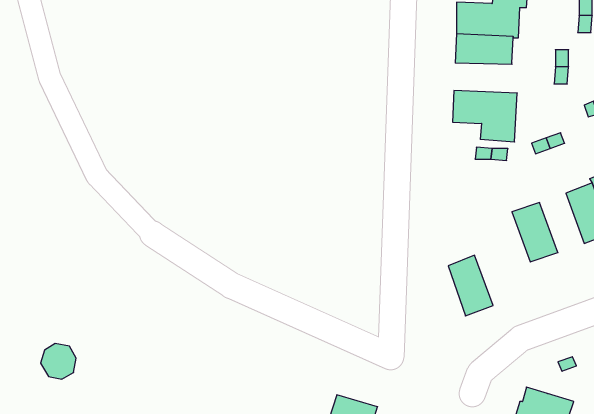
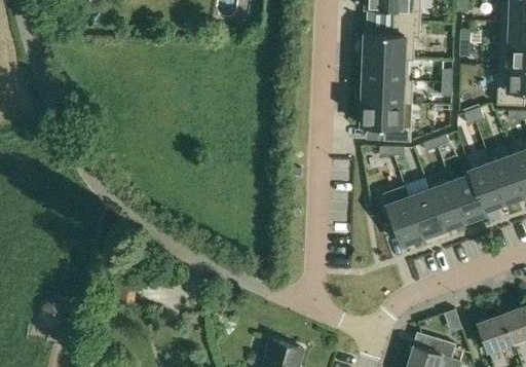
building: none -> [363,80,413,104]
building: none -> [429,182,464,228]
building: [448,255,493,316] -> [387,196,422,244]

